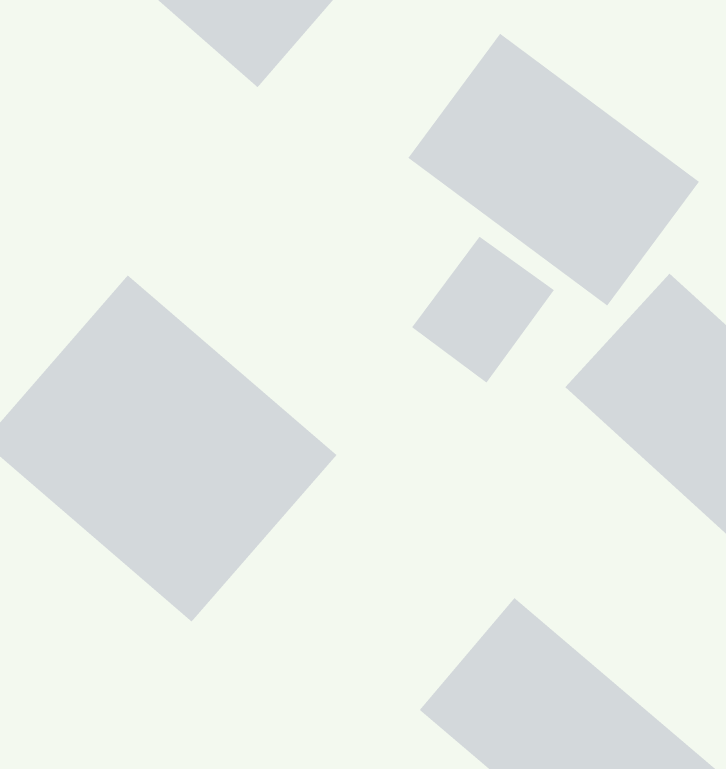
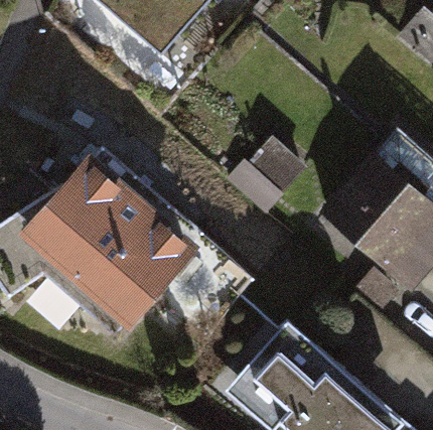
building: [407,33,700,307] -> none

